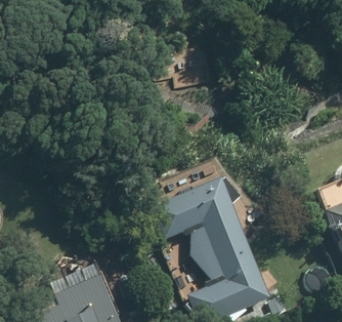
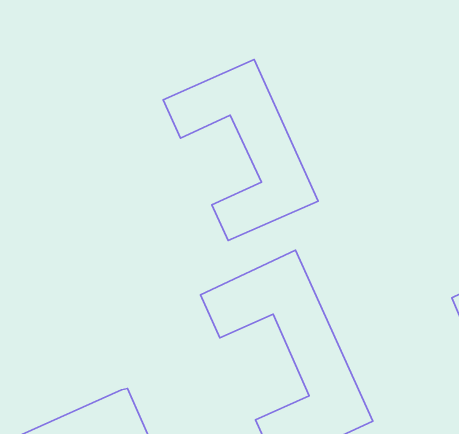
building: none -> [163,60,318,241]

